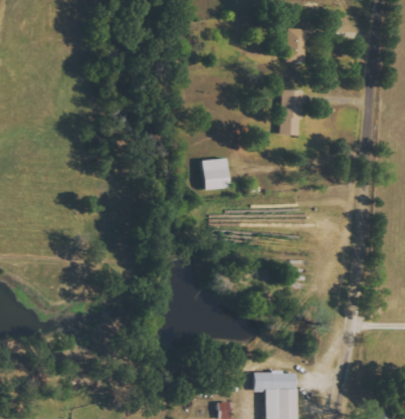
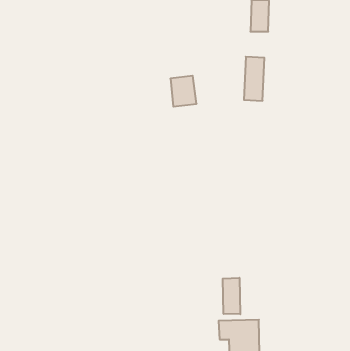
building: [202,157,230,190] -> [170,76,197,107]
building: none -> [223,278,240,314]

